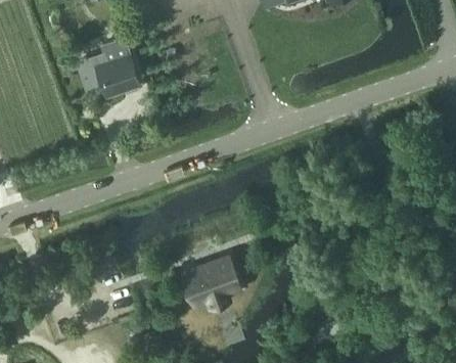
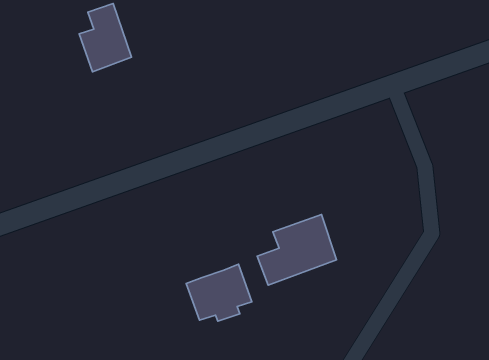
building: none -> [257,215,336,285]

